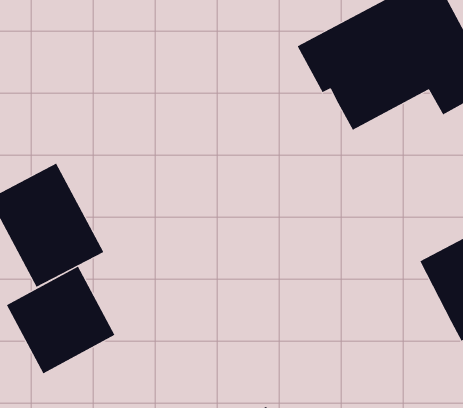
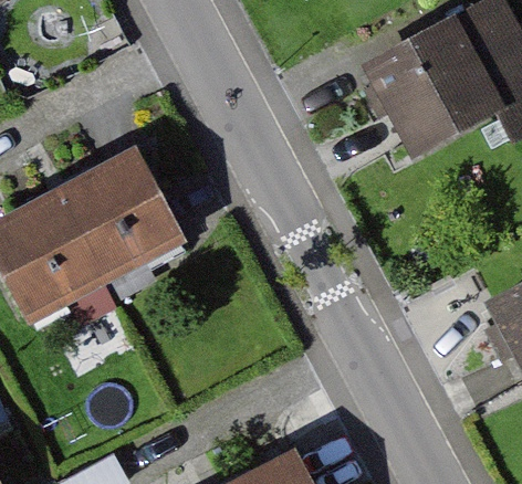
building: none -> [76,157,201,294]
building: [6,266,115,374] -> none

